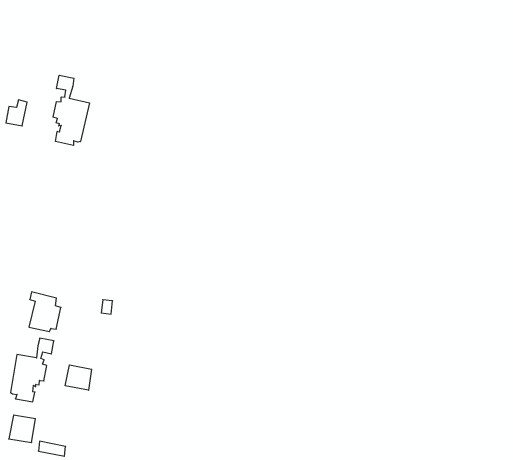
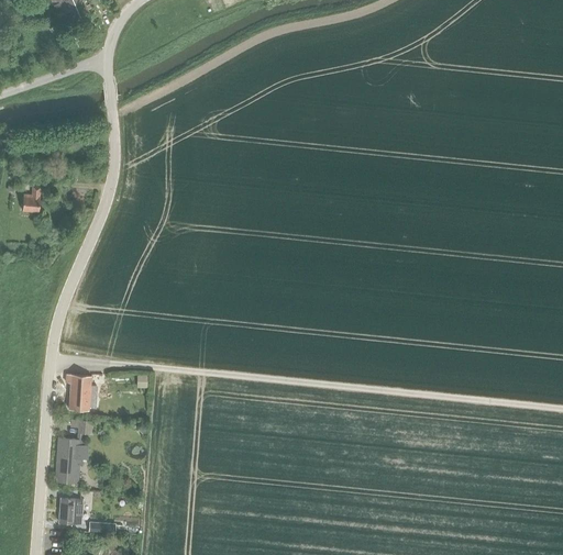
building: [53,75,89,145] -> none
building: [65,365,92,390] -> none

